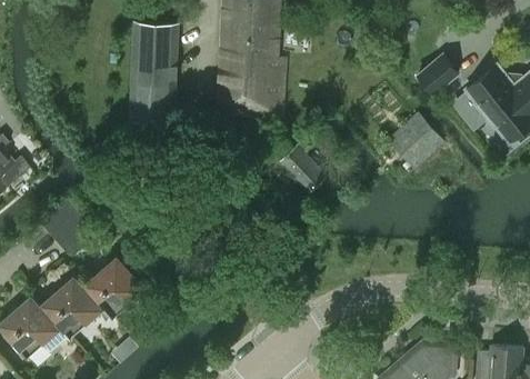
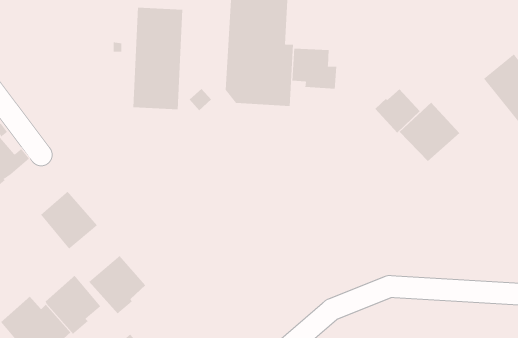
building: [417,56,457,94] -> none
building: none -> [292,48,337,89]
building: none -> [375,88,420,133]
building: [281,144,327,191] -> none

